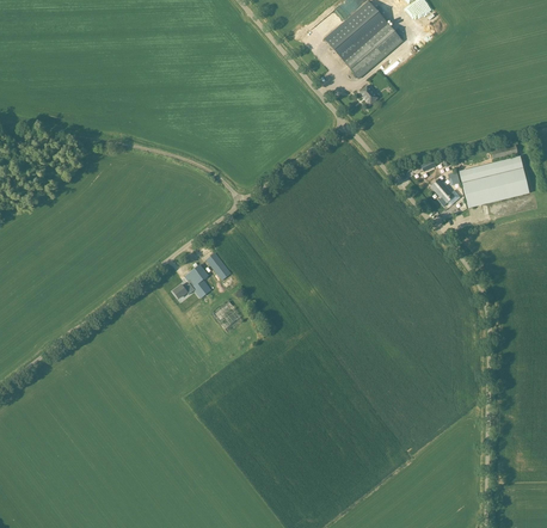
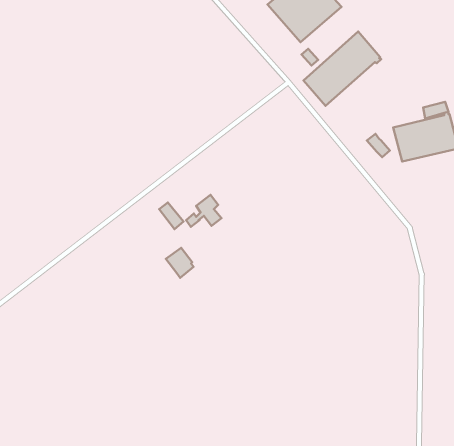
building: none -> [304,32,381,106]
building: [173,263,211,297] -> [186,195,222,227]

